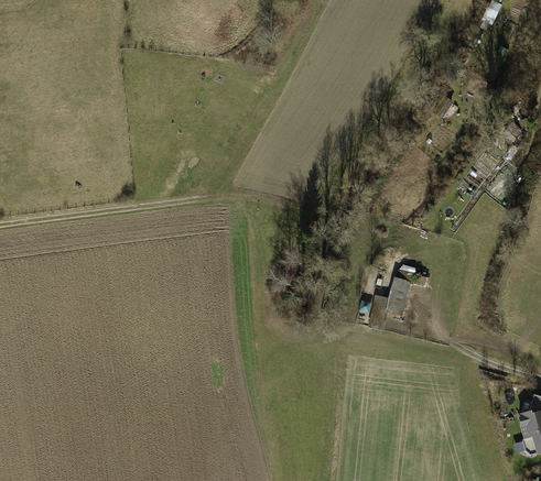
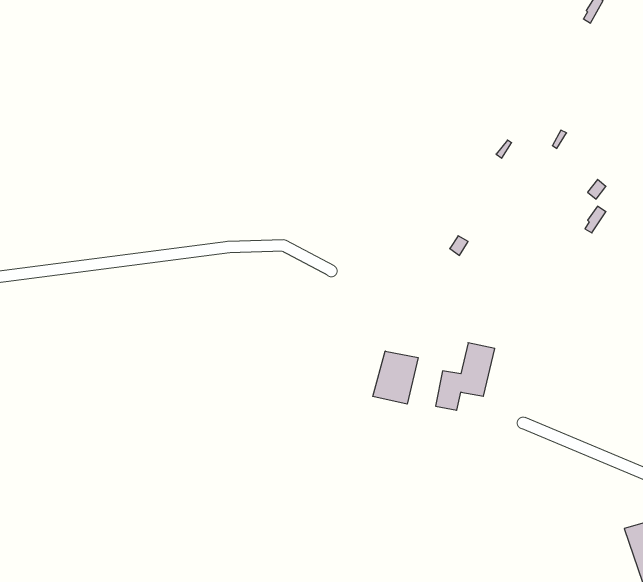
building: none -> [373,351,418,404]

